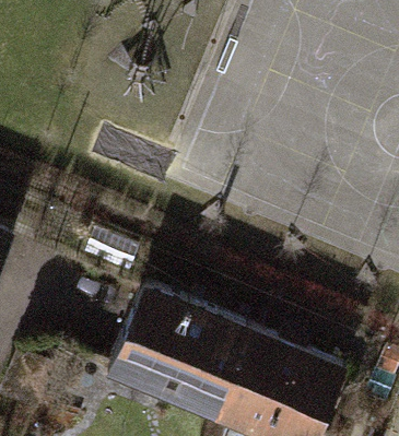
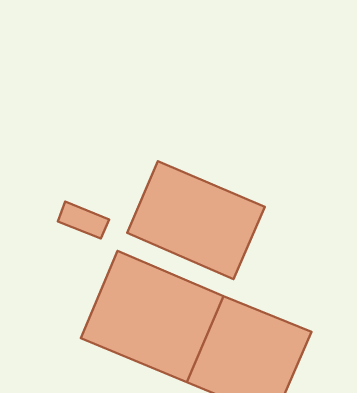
building: none -> [127,161,265,279]

